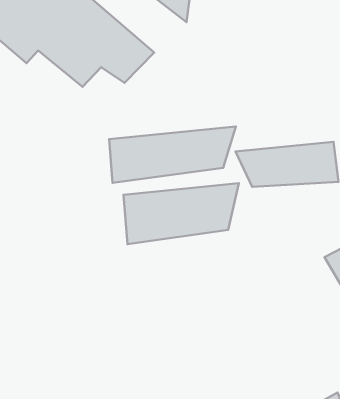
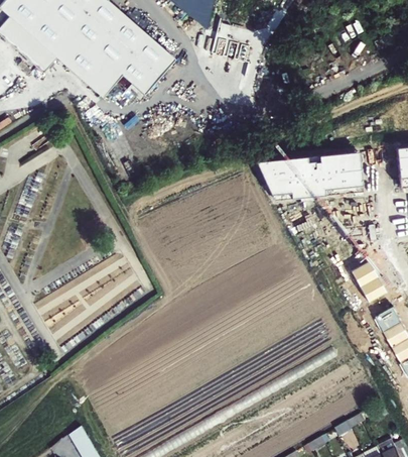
building: [109,127,236,183] -> none
building: [124,183,239,244] -> none

